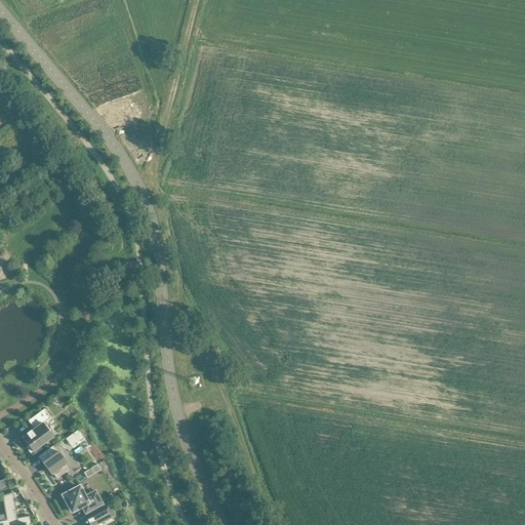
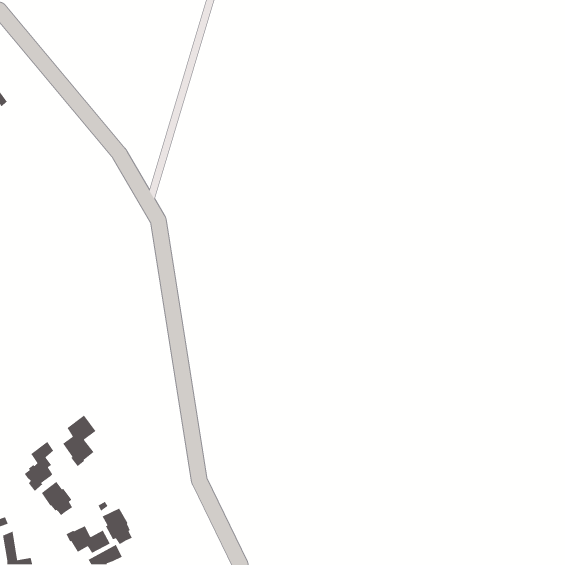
building: none -> [62,415,97,467]
building: none -> [102,508,133,545]

